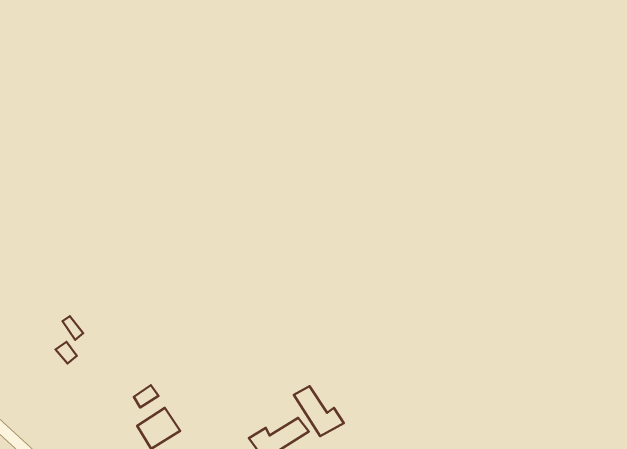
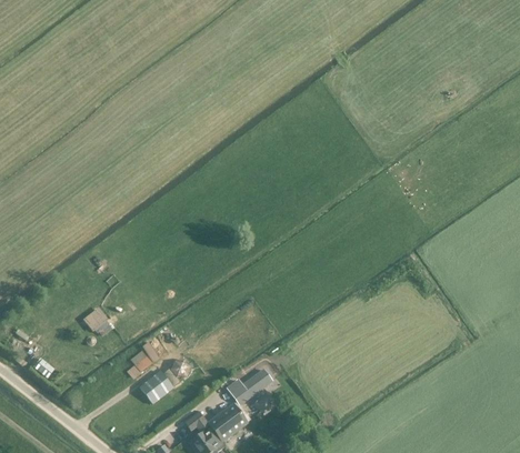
building: [294,386,344,436] -> none

